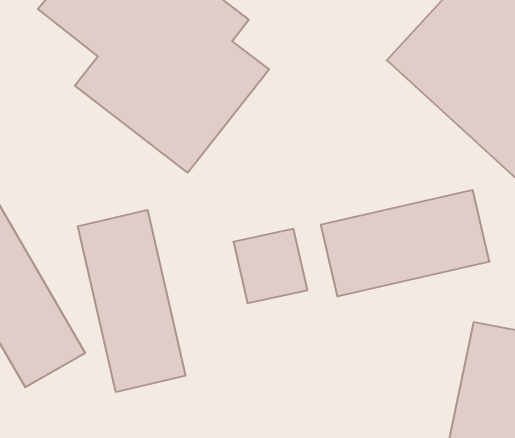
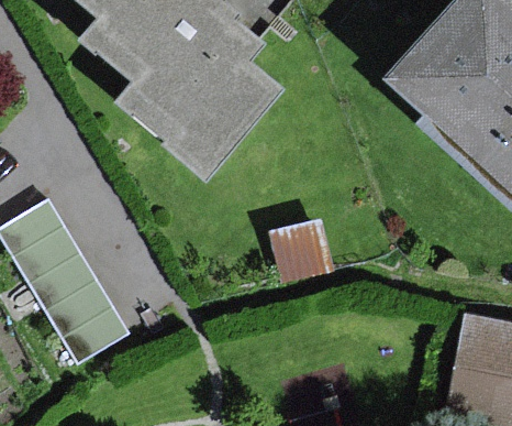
building: [321,190,489,297] -> none
building: [78,210,185,392] -> none

